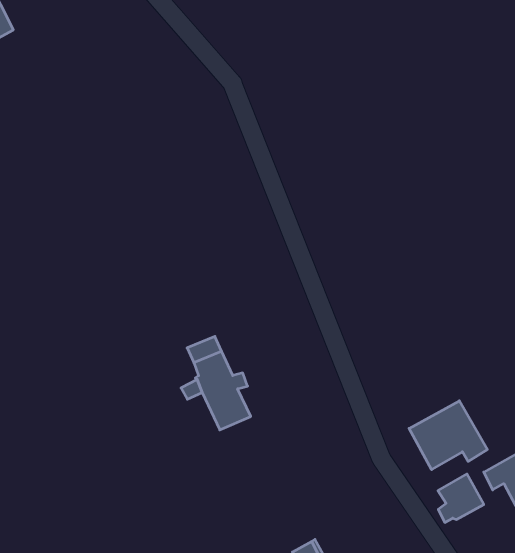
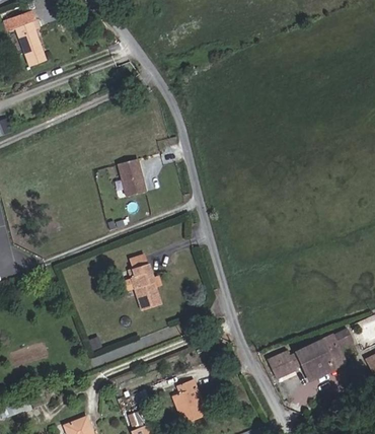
building: none -> [114,161,141,195]
building: [409,401,487,470] -> none

